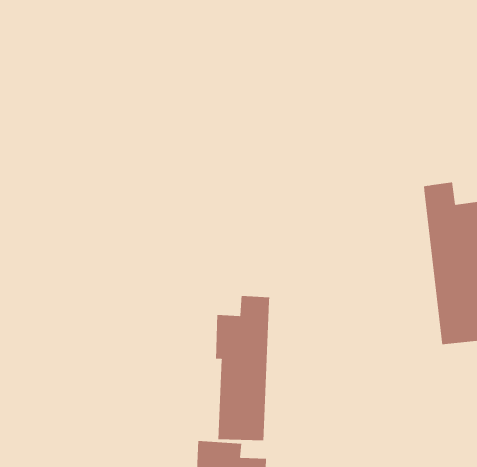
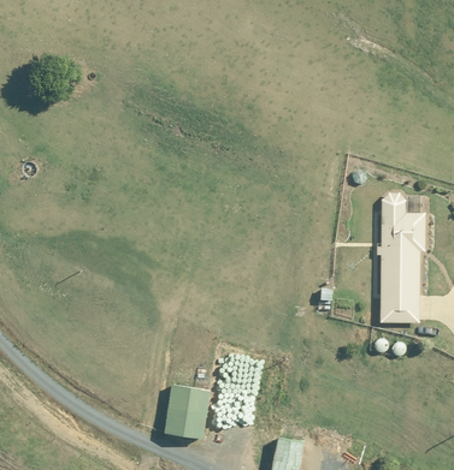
building: [216,295,270,441] -> none

